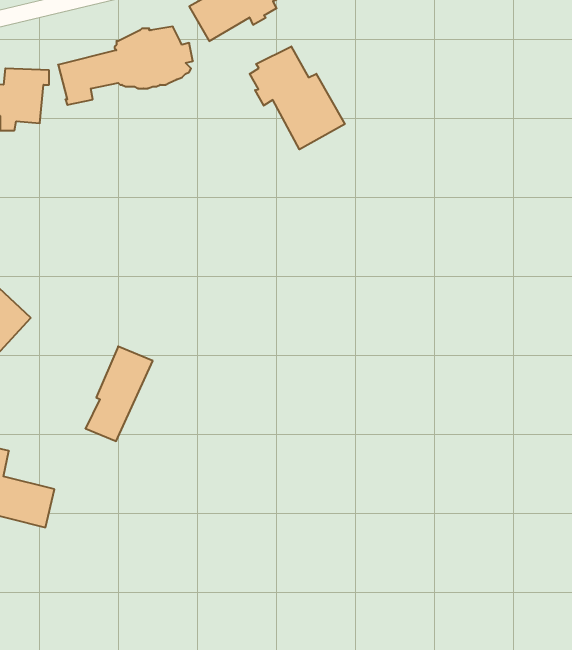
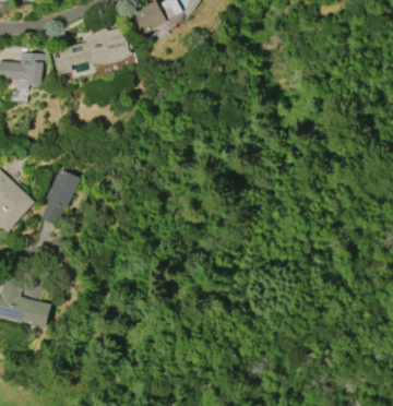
building: [250,46,345,149] -> none
building: [85,346,153,441] -> [38,169,79,226]

